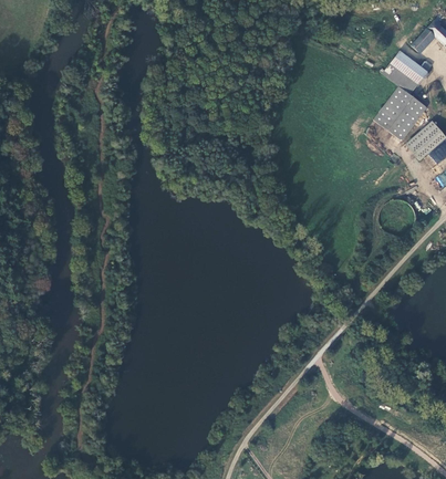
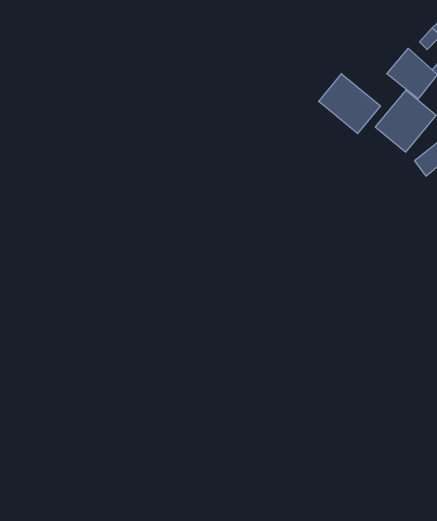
building: none -> [319,74,380,134]

